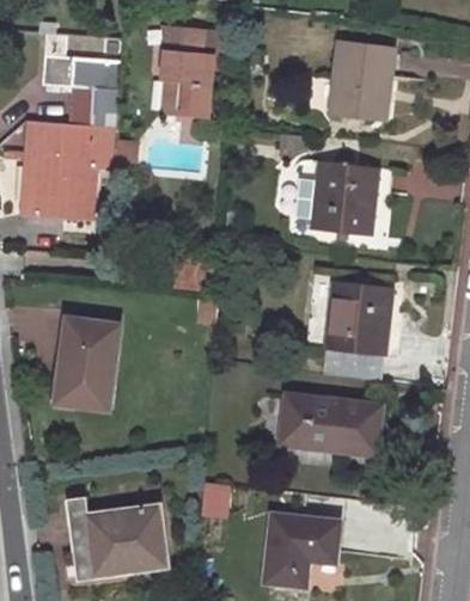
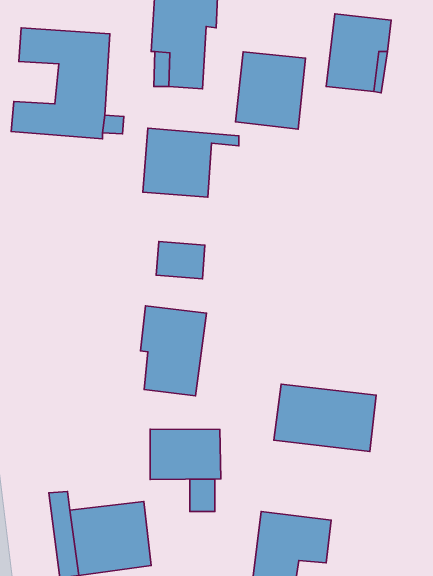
building: [25,152,117,217] -> [143,128,239,197]
building: [313,160,380,234] -> [236,52,306,129]
building: [326,281,389,352] -> none
building: [57,319,121,405] -> [140,306,207,396]
building: none -> [150,429,221,480]

